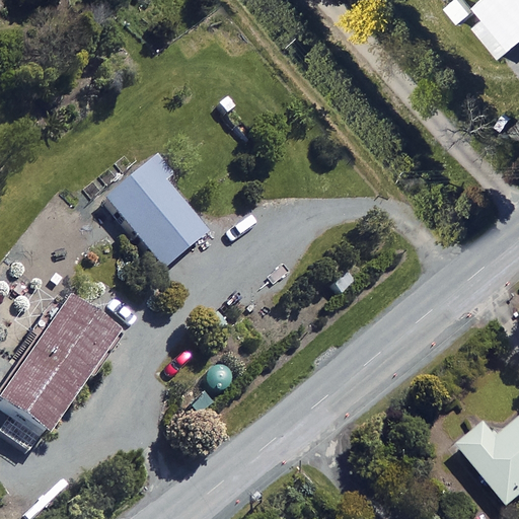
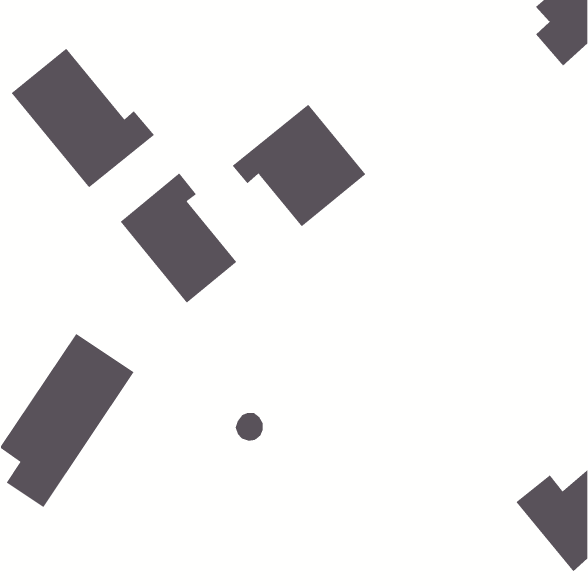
building: none -> [11,48,155,188]
building: none -> [232,104,366,227]

